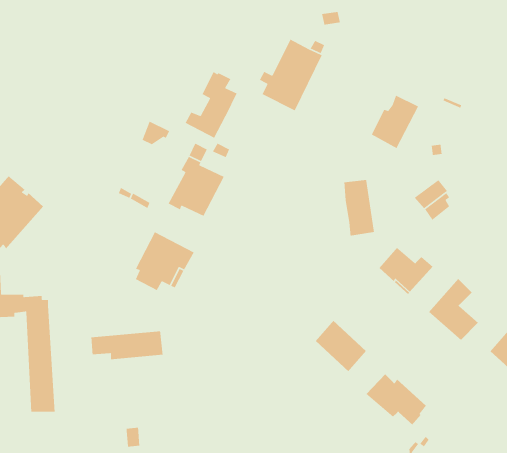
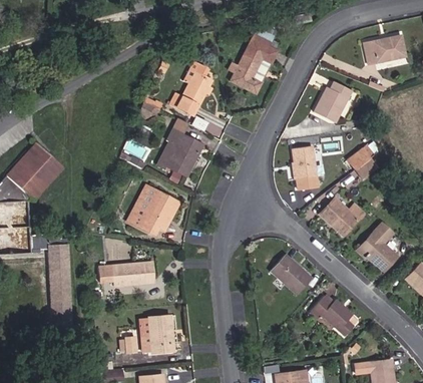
building: none -> [364,34,406,64]
building: none -> [140,315,173,352]

